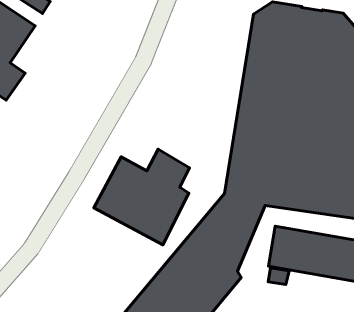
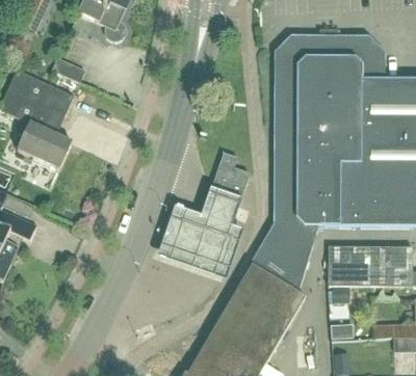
building: none -> [209,151,250,202]

